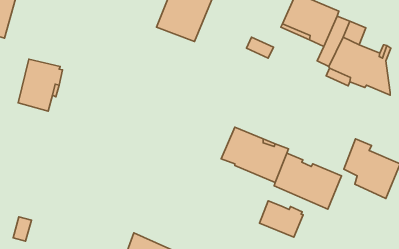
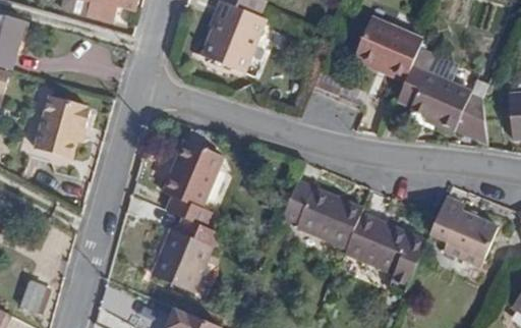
building: none -> [163,142,225,228]
building: none -> [153,230,212,294]
building: [260,201,303,237] -> none

